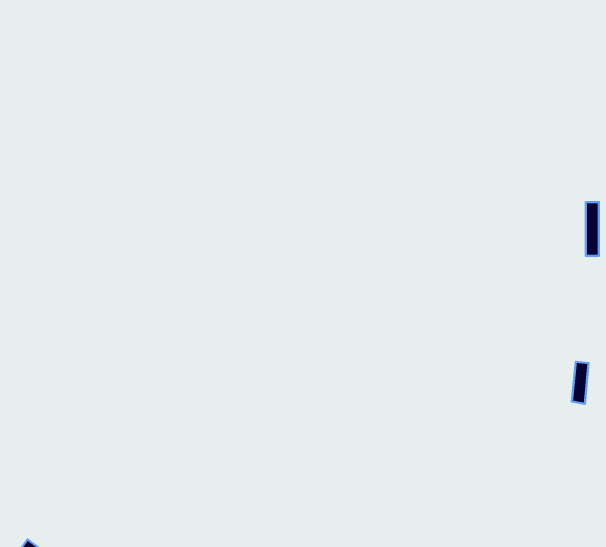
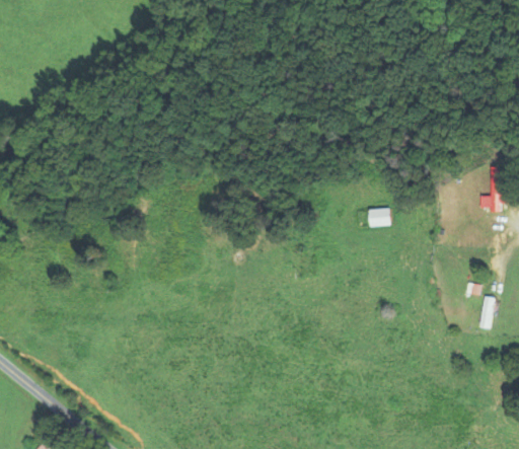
building: none -> [370,209,391,226]

